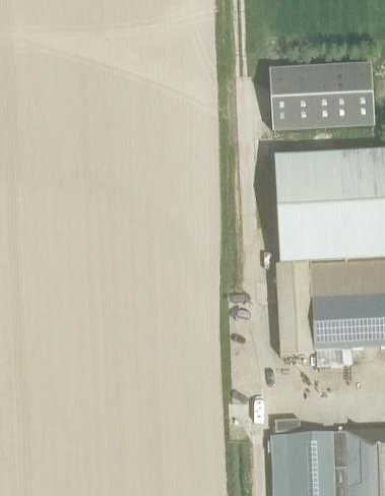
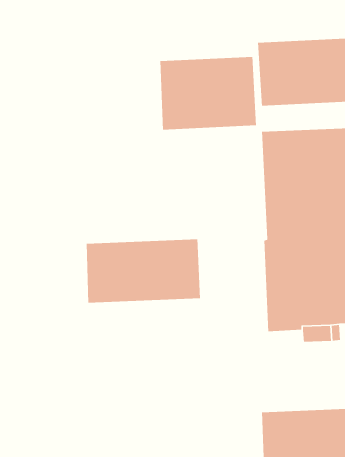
building: none -> [160,56,257,130]
building: none -> [86,238,201,303]

